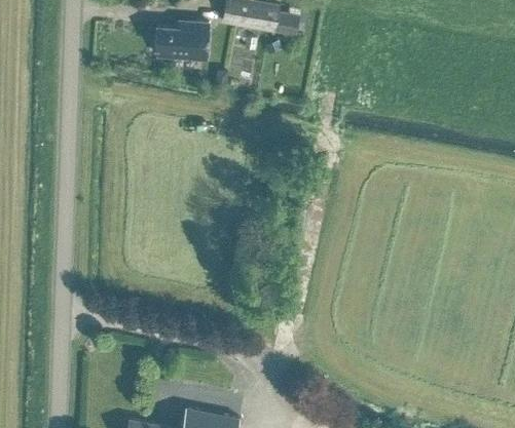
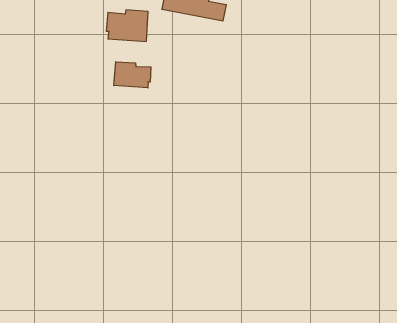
building: none -> [114,62,151,88]

